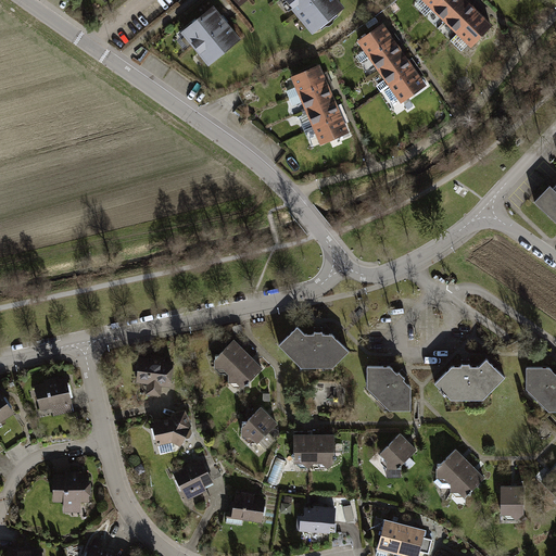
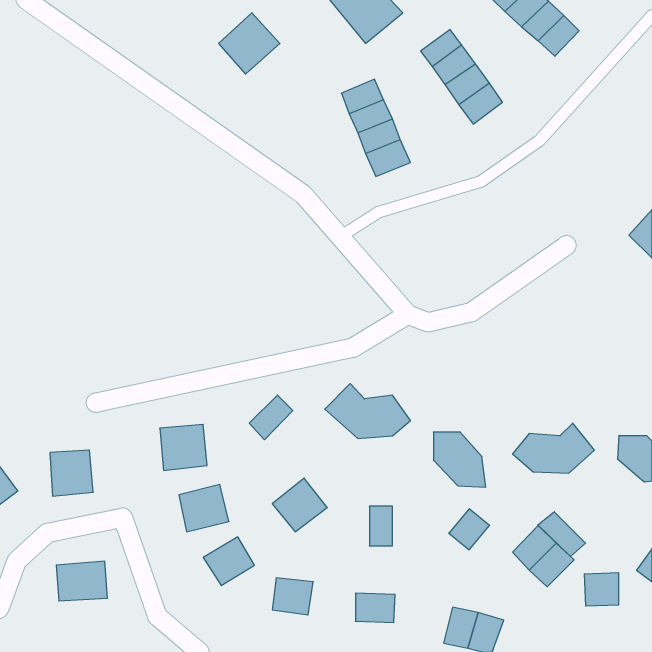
building: [225,349,265,389] -> none
building: [293,430,314,464] -> none
building: none -> [538,512,586,557]

